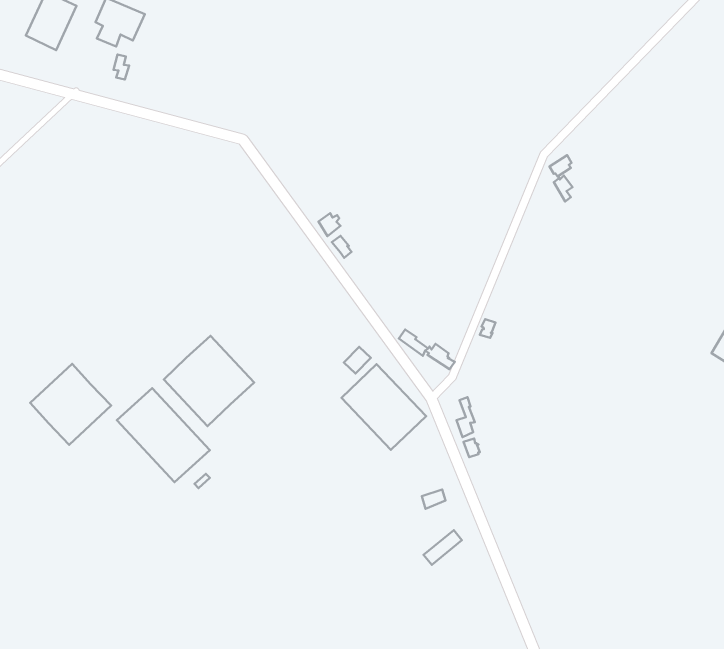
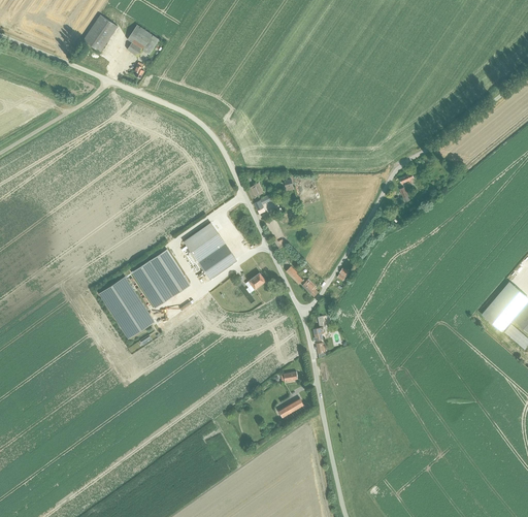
building: [30,364,111,445] -> none
building: [341,364,426,450] -> [184,223,235,279]

